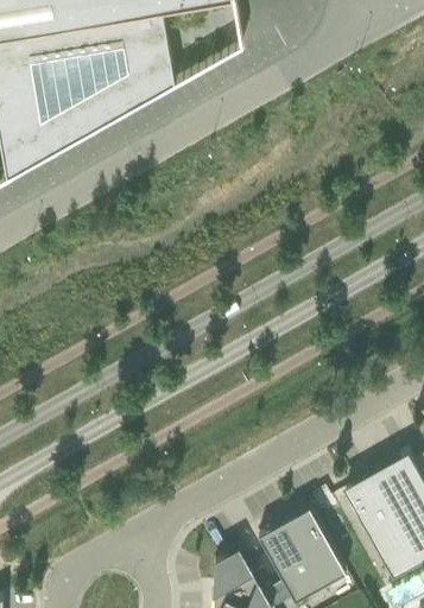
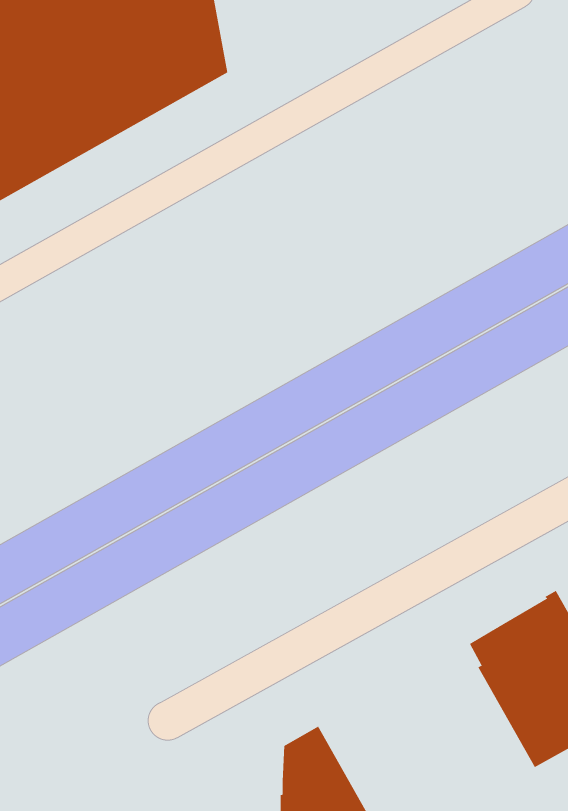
building: [258,506,347,601] -> none

